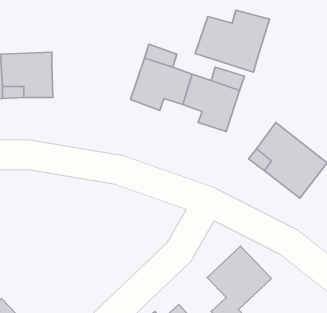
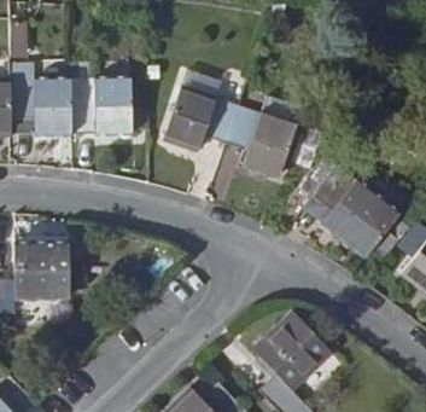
building: [195,10,269,72] -> none
building: none -> [70,77,132,133]
building: none -> [14,242,69,296]

